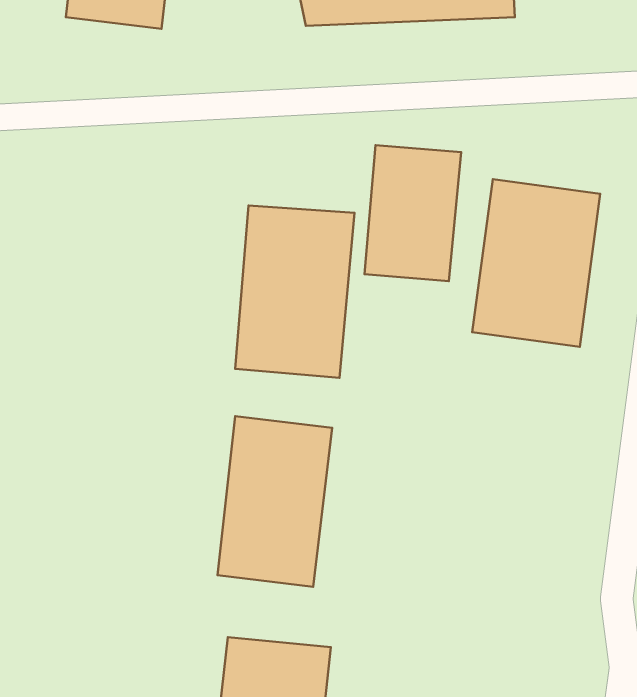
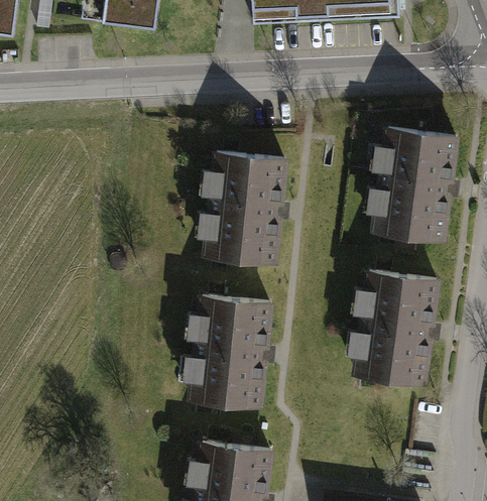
building: [365,145,461,281] -> none
building: none -> [353,270,440,388]

